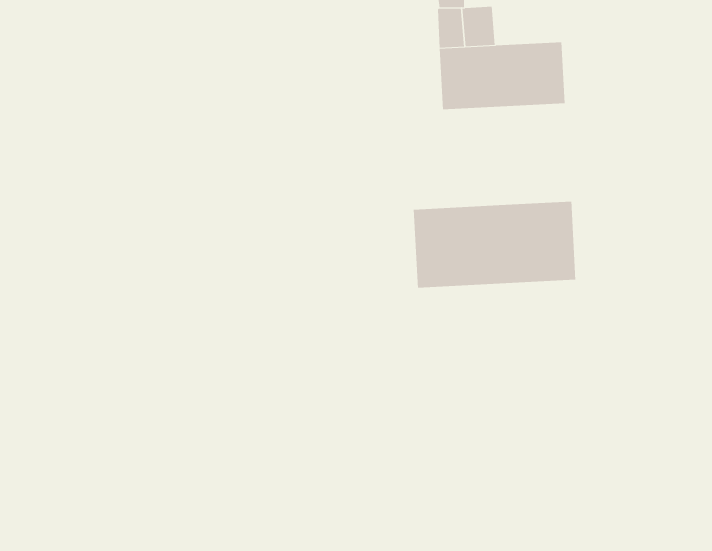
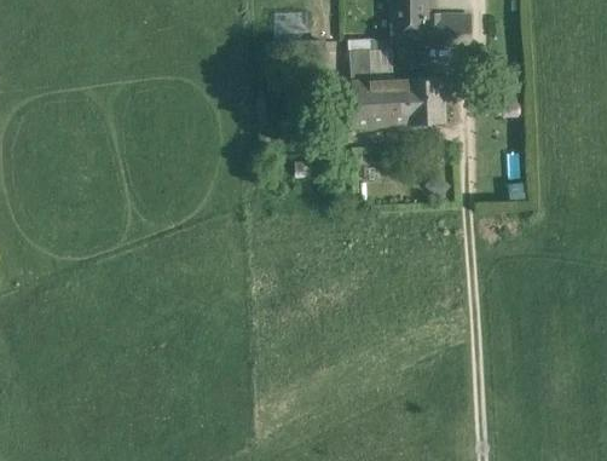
building: [413,201,576,289] -> none

